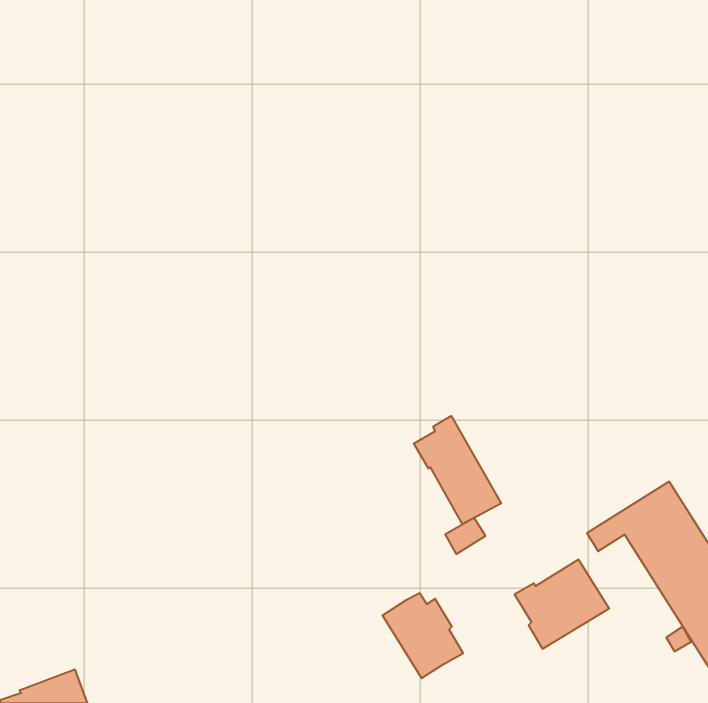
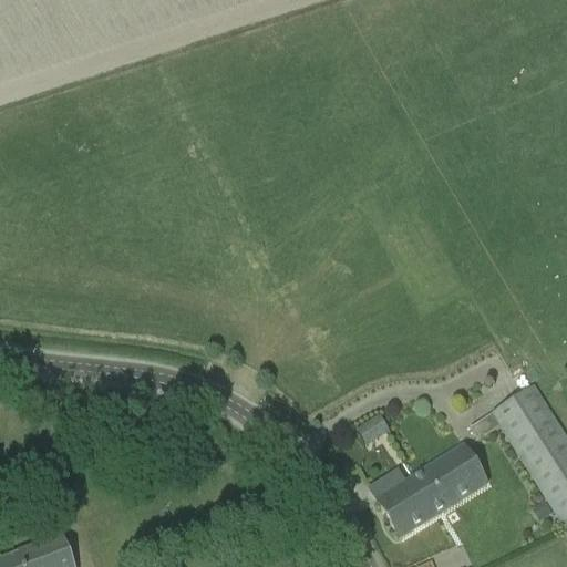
building: [414,416,501,524] -> none
building: [382,593,463,678] -> [370,468,434,536]

